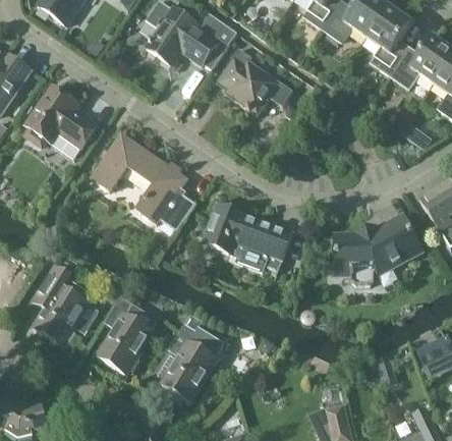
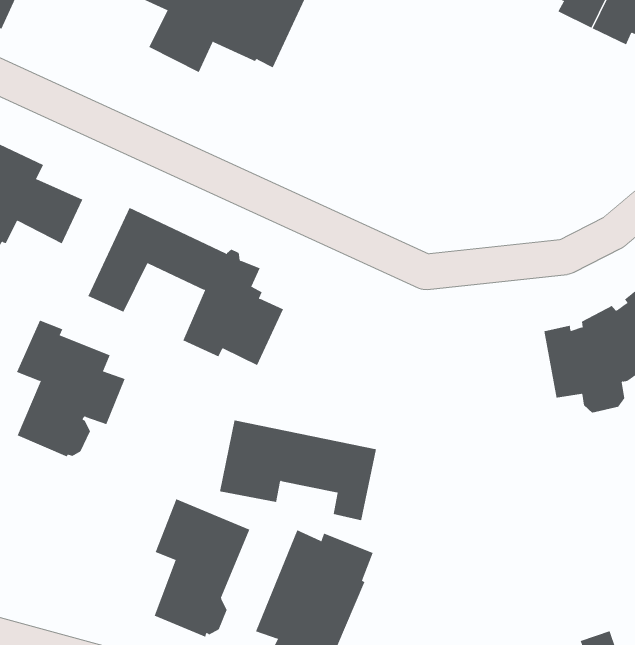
building: [218,49,293,115] -> none
building: [203,204,292,270] -> [219,420,377,521]
building: [35,268,99,345] -> [16,320,125,457]

